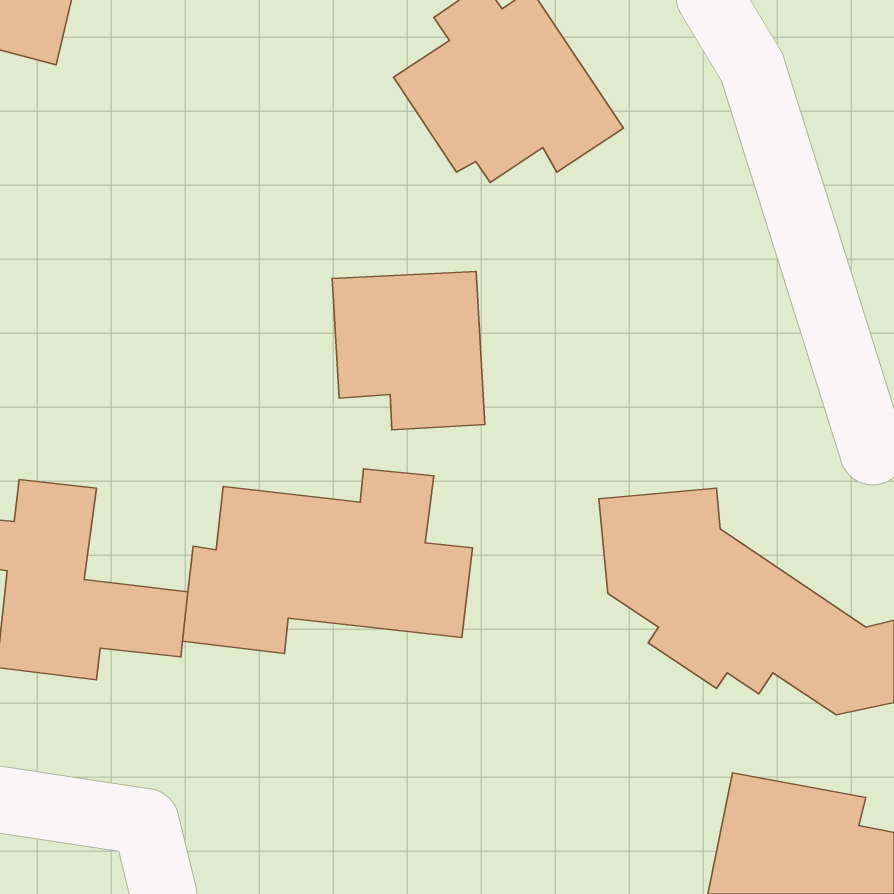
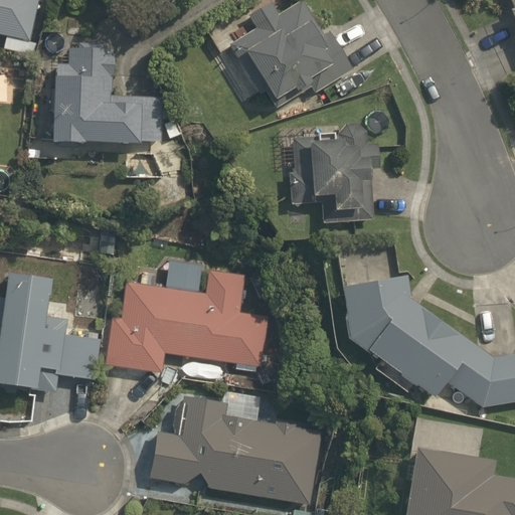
building: none -> [53,43,161,145]
building: [332,272,485,430] -> [285,133,372,223]
building: none -> [152,390,316,502]

